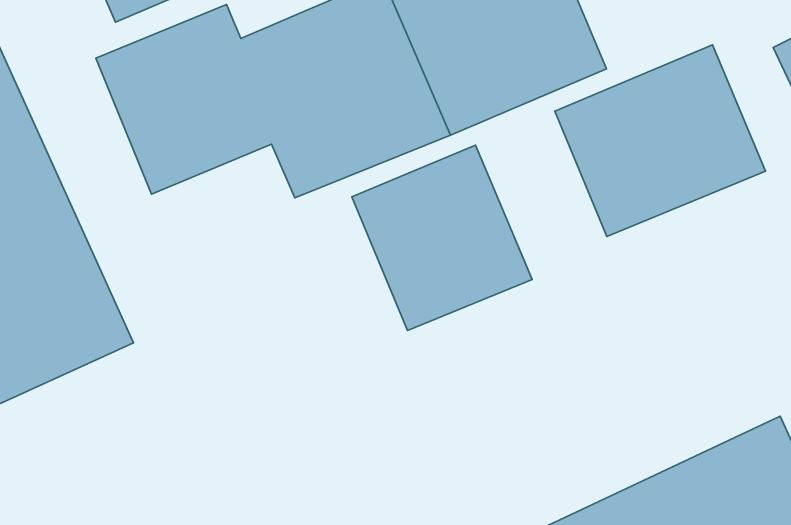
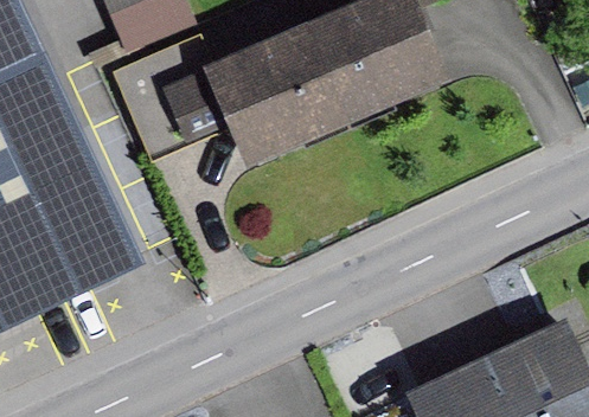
building: [555,45,766,236] -> none
building: [352,145,532,331] -> none

